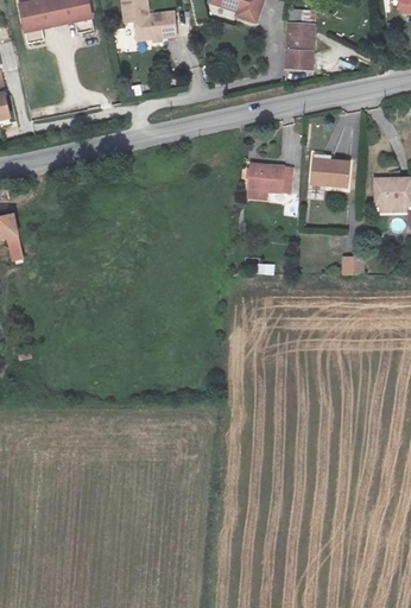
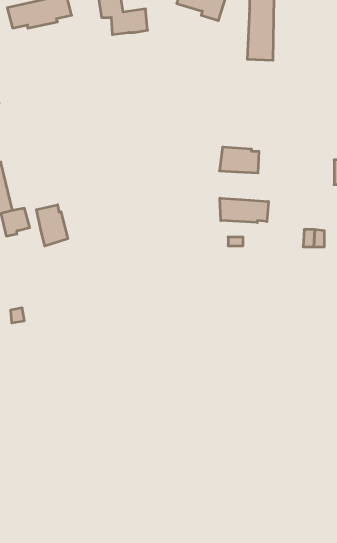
building: [312,158,353,188] -> none
building: none -> [220,198,268,223]
building: none -> [36,205,68,246]

